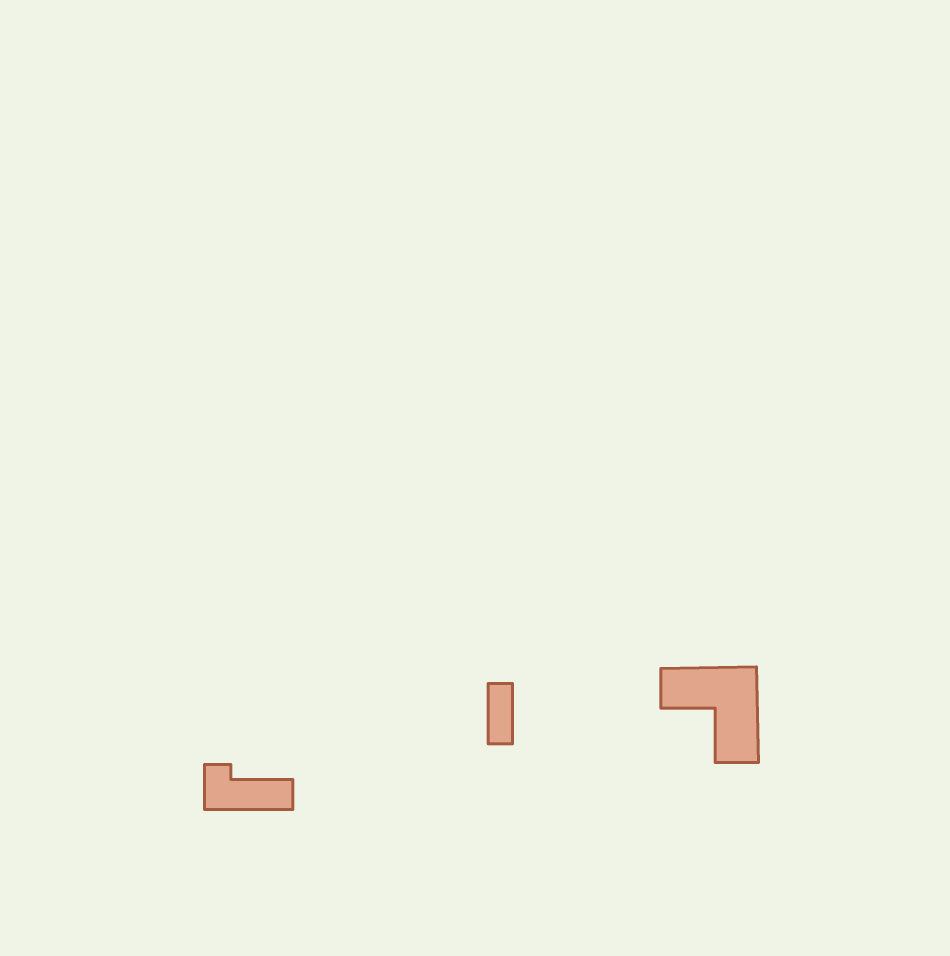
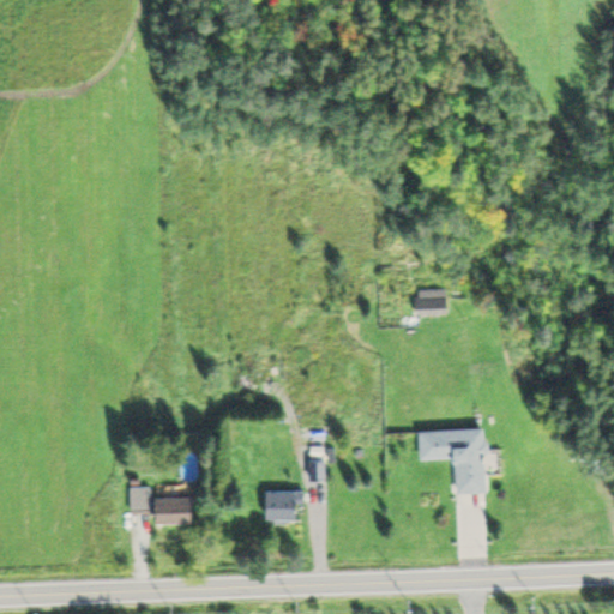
building: none -> [420,295,446,315]
building: none -> [266,492,297,520]

